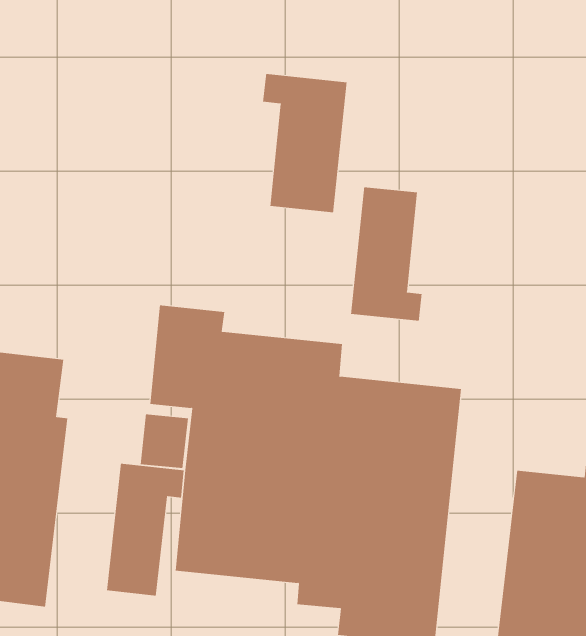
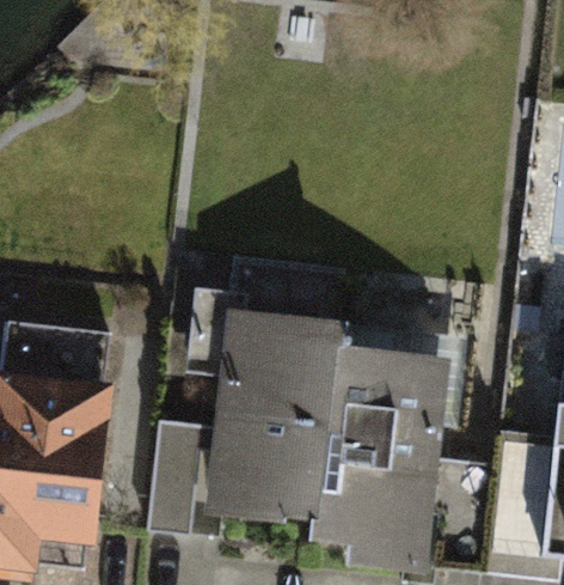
building: [263,73,347,213] -> none
building: [351,186,422,322] -> none

